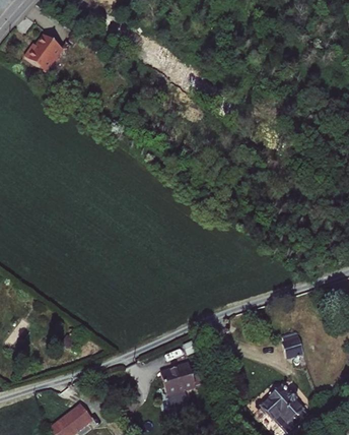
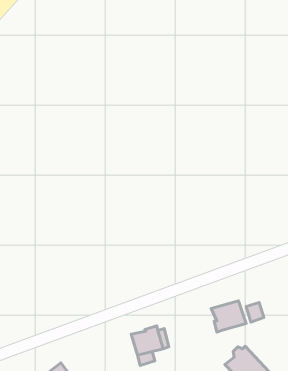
building: [25,36,63,73] -> none
building: none -> [211,301,246,332]

